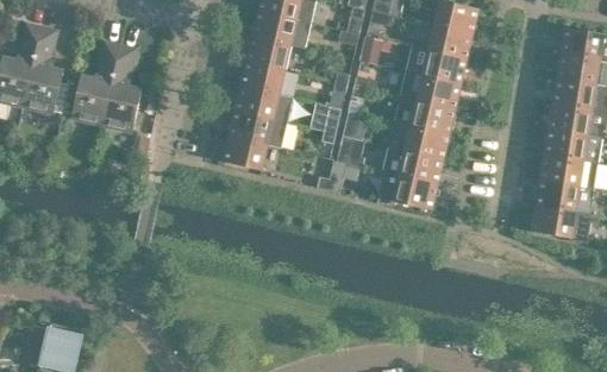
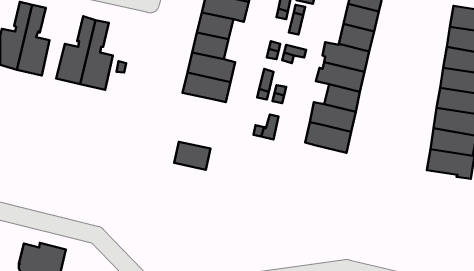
building: [221,135,267,170] -> [174,142,211,170]

